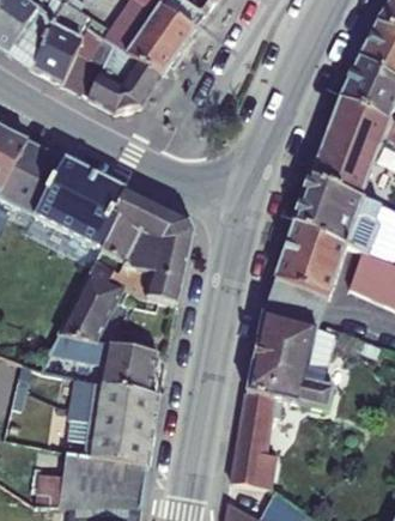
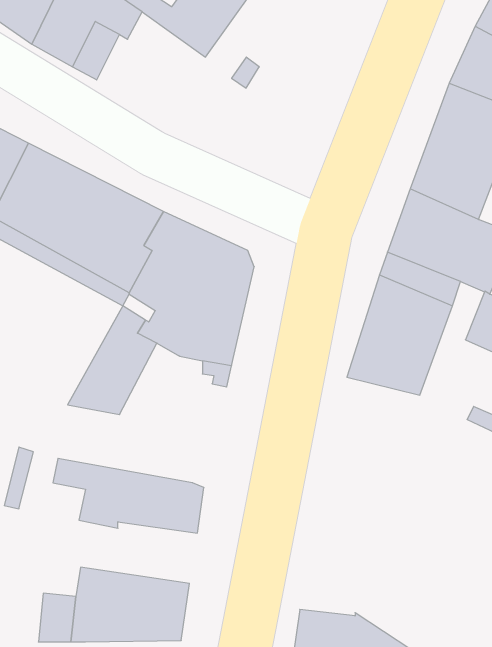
building: [85,43,159,111] -> none
building: [229,313,338,489] -> none
building: [40,333,157,390] -> none
building: [67,419,153,465] -> none

